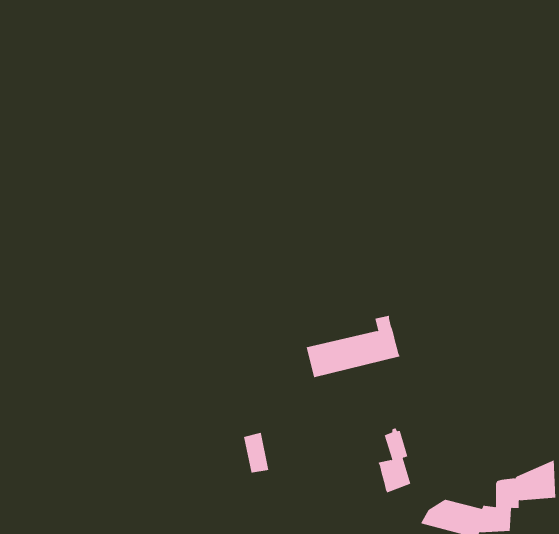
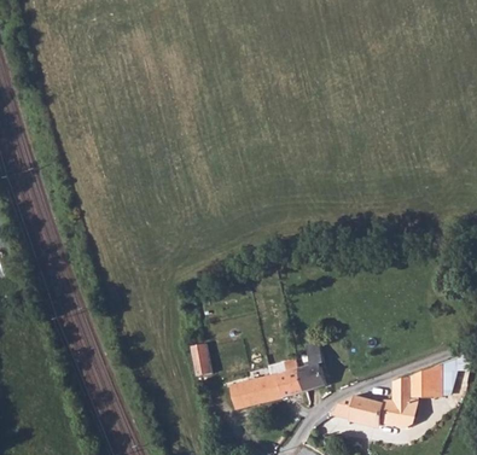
building: [306,315,401,378] -> [233,358,308,408]

